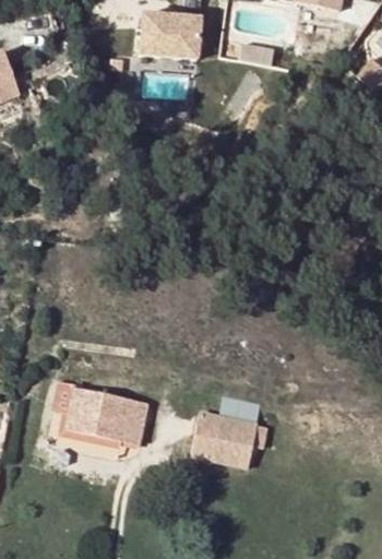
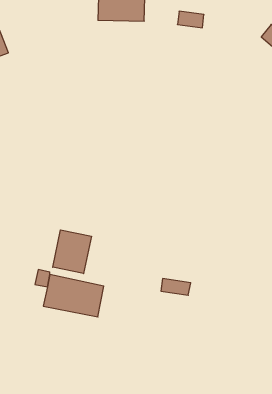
building: none -> [53,230,91,274]
building: [192,413,256,468] -> none

